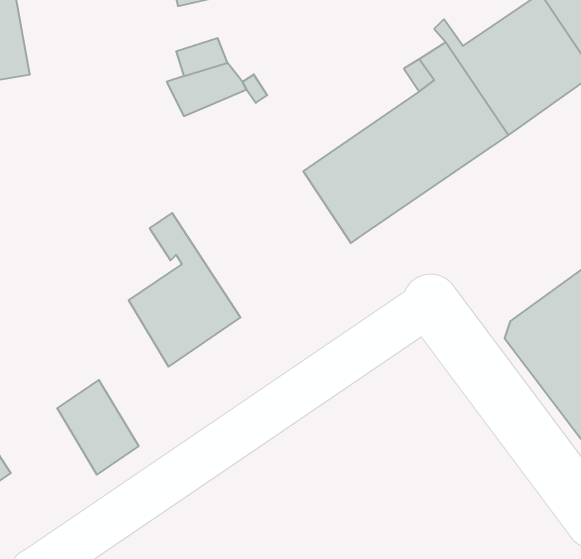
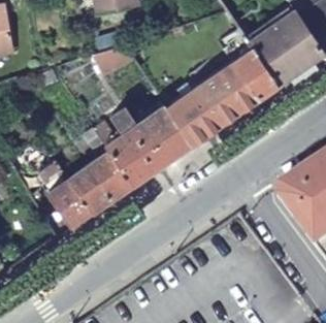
building: none -> [96,105,193,185]
building: [57,380,139,475] -> [50,175,94,227]

